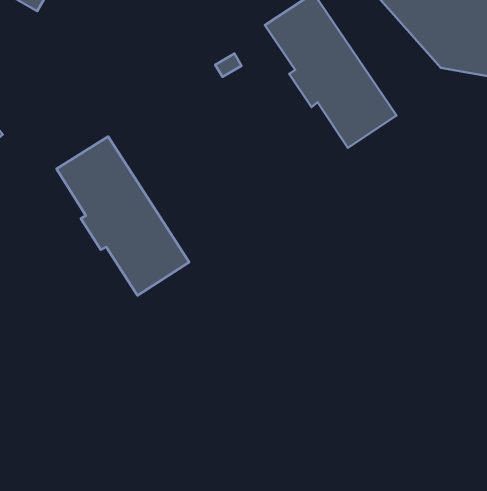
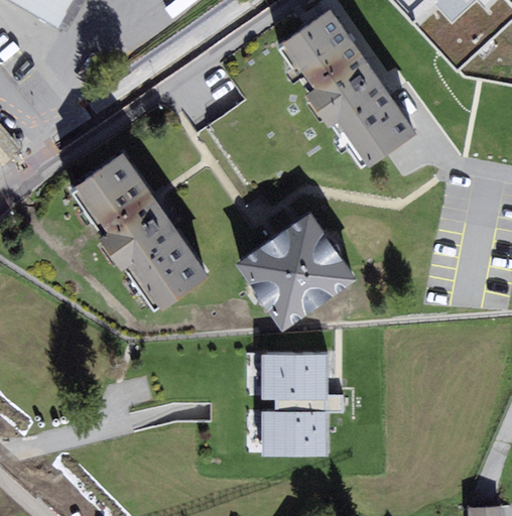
building: none -> [237,211,355,327]
building: none -> [259,353,342,455]

